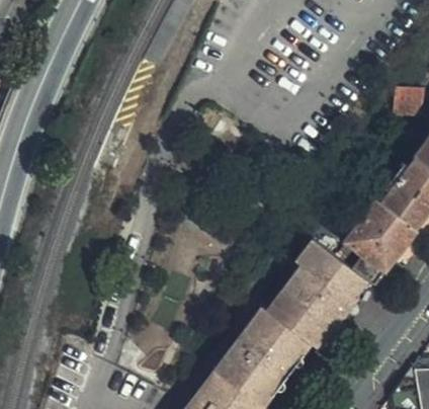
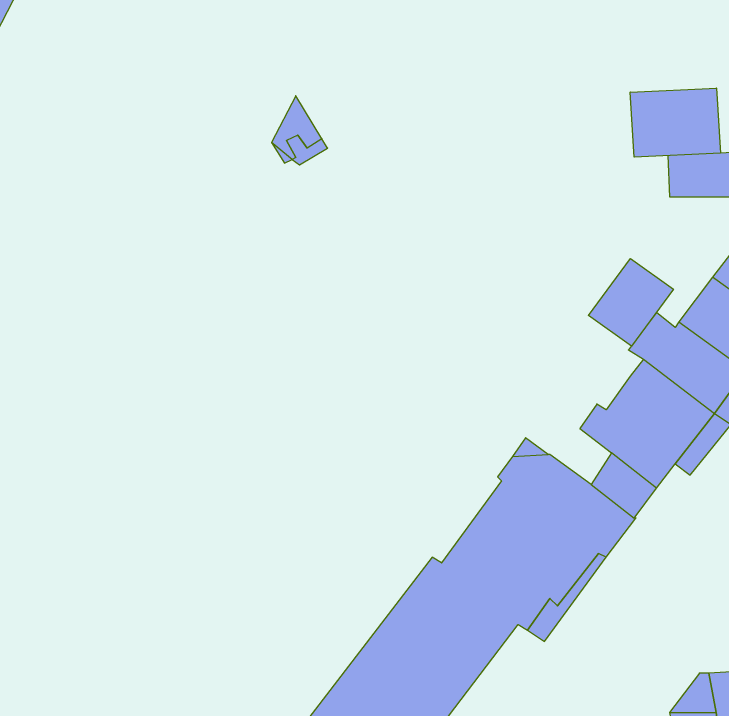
building: none -> [630,88,720,157]
building: none -> [588,259,673,346]

